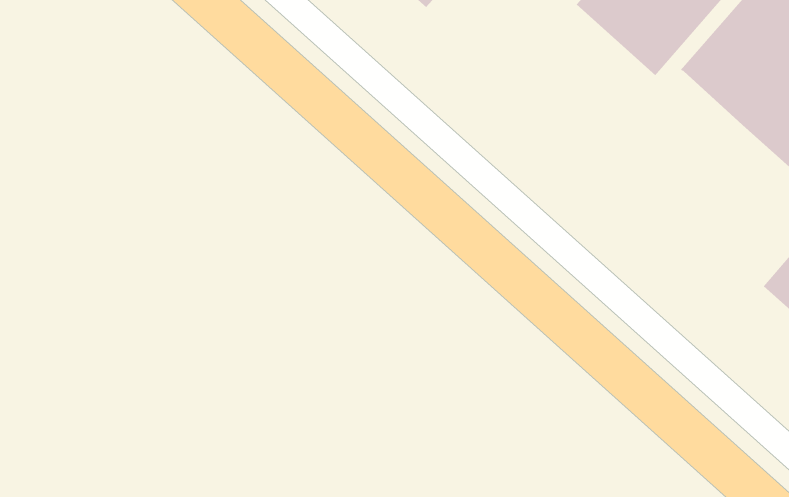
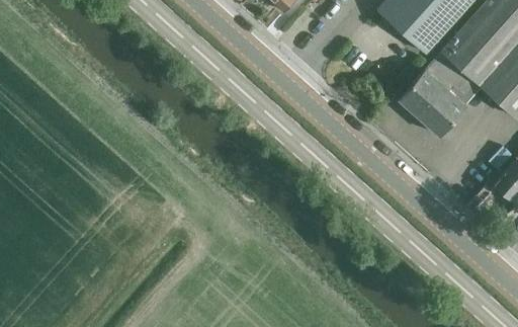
building: none -> [398,51,480,134]

